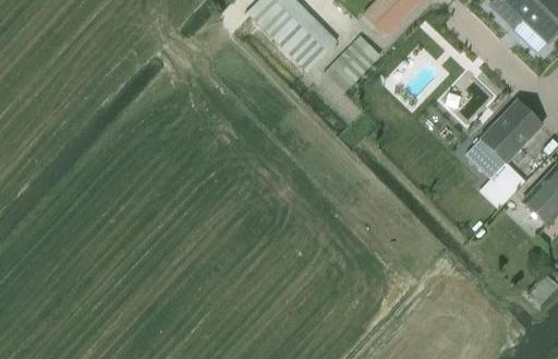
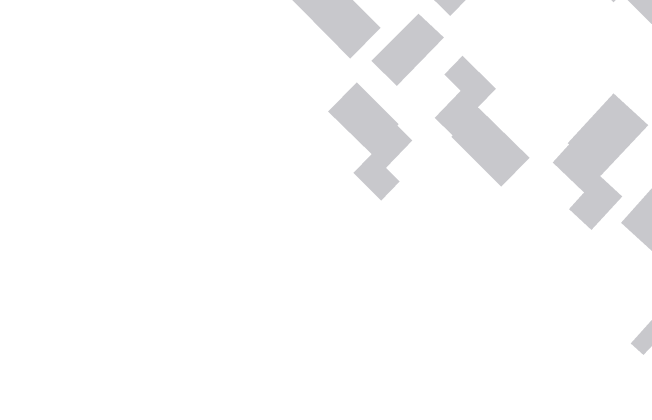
building: none -> [434,55,530,187]
building: none -> [327,82,413,202]

